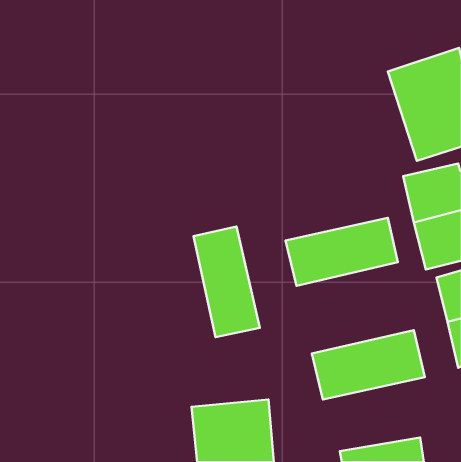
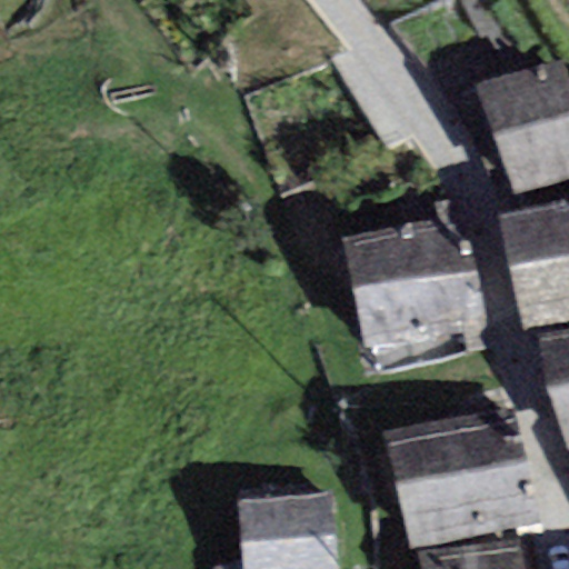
building: none -> [340,213,478,296]
building: [193,227,260,337] -> none
building: none -> [398,463,537,550]

